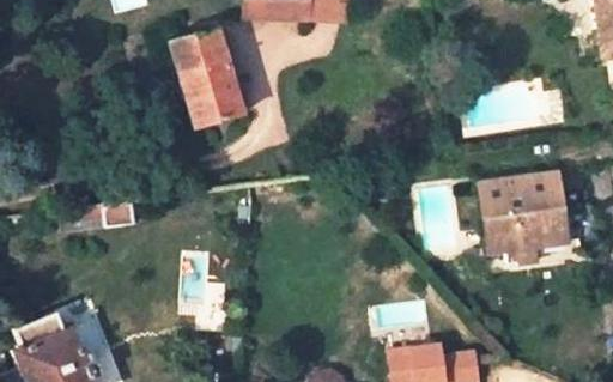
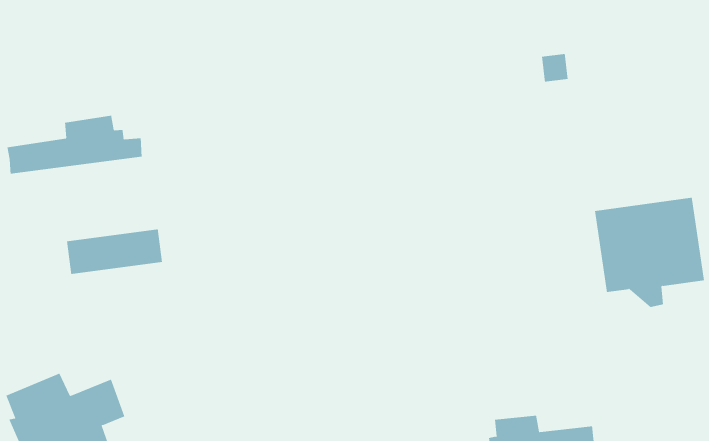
building: [172,28,244,127] -> none
building: none -> [7,115,142,175]

